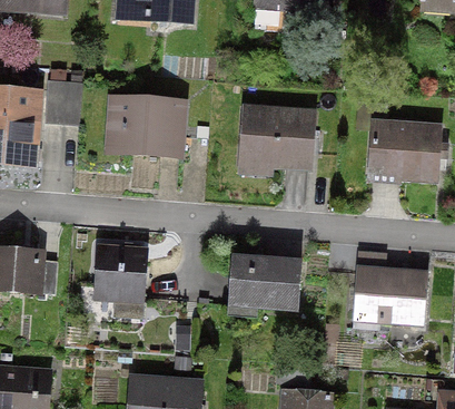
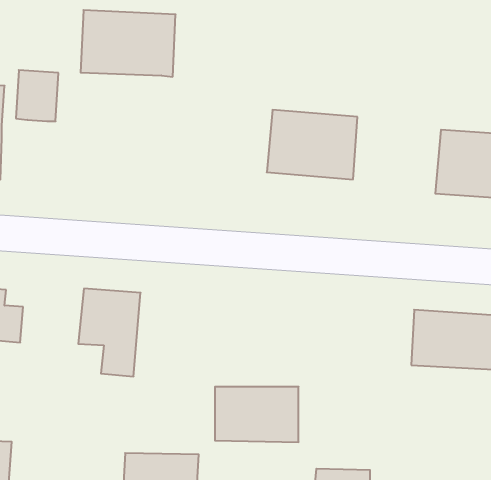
building: [108,98,182,150] -> [81,10,176,77]
building: [230,255,296,299] -> [215,387,299,442]

